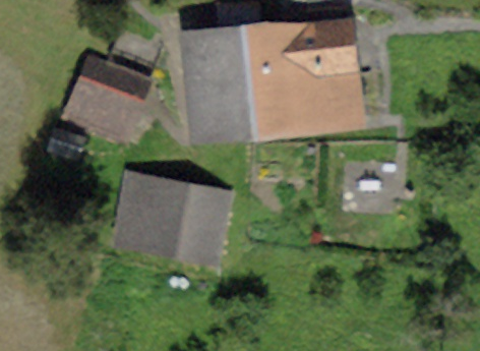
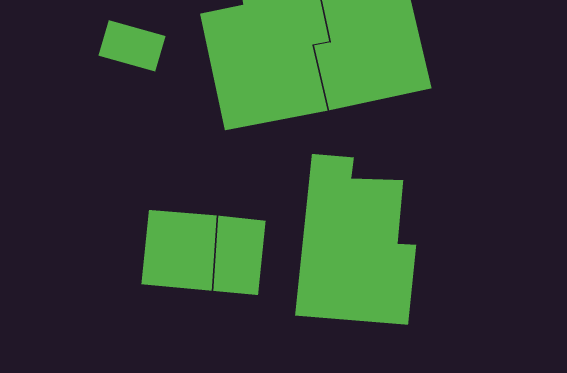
building: [72,67,146,140] -> none
building: none -> [295,153,417,326]

